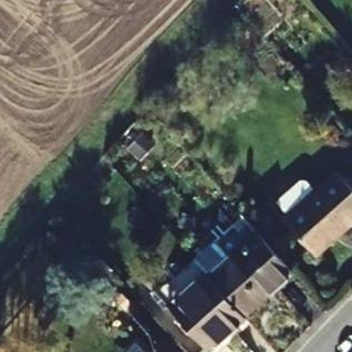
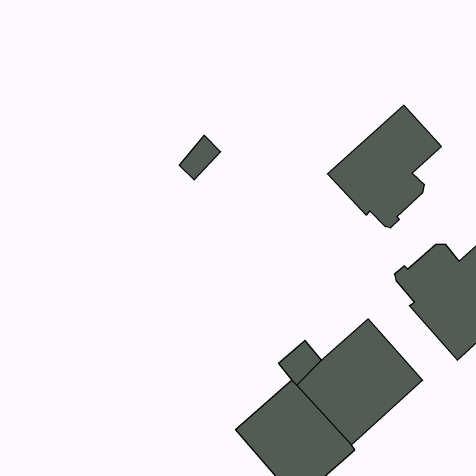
building: none -> [327,105,441,228]

